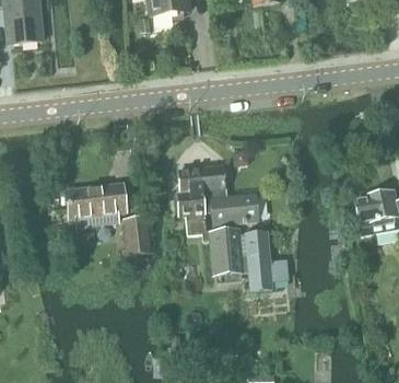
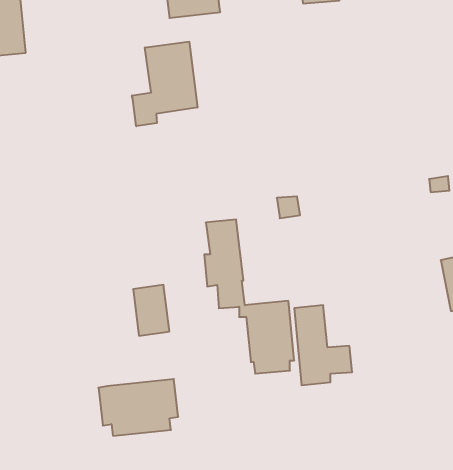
building: none -> [132,42,197,126]
building: [201,164,258,225] -> none
building: [66,183,126,225] -> [98,379,178,436]

